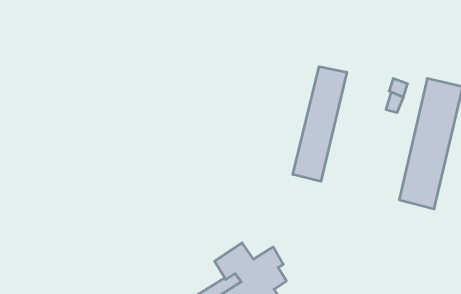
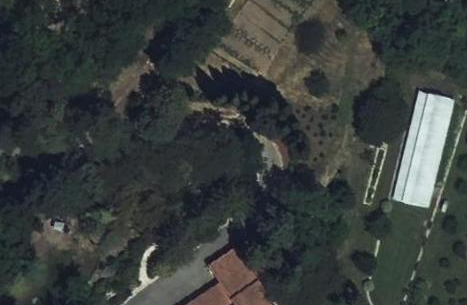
building: [293,67,347,181] -> none

